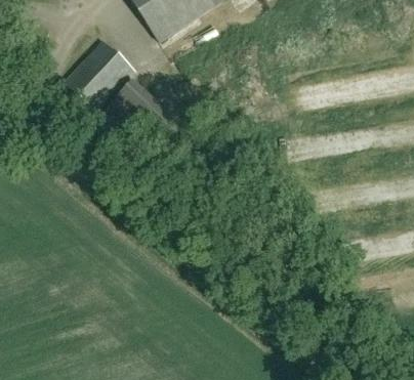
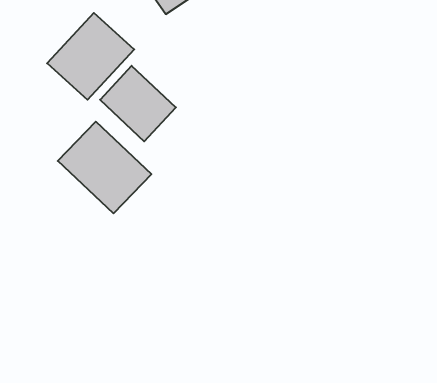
building: none -> [58,122,151,213]

